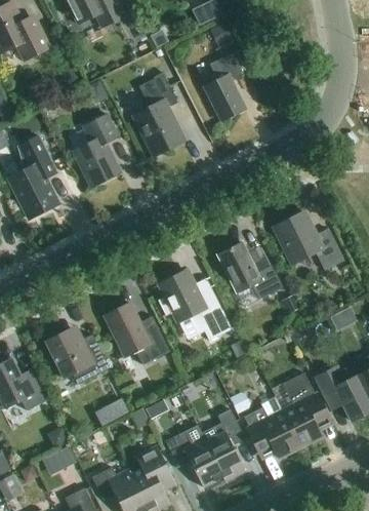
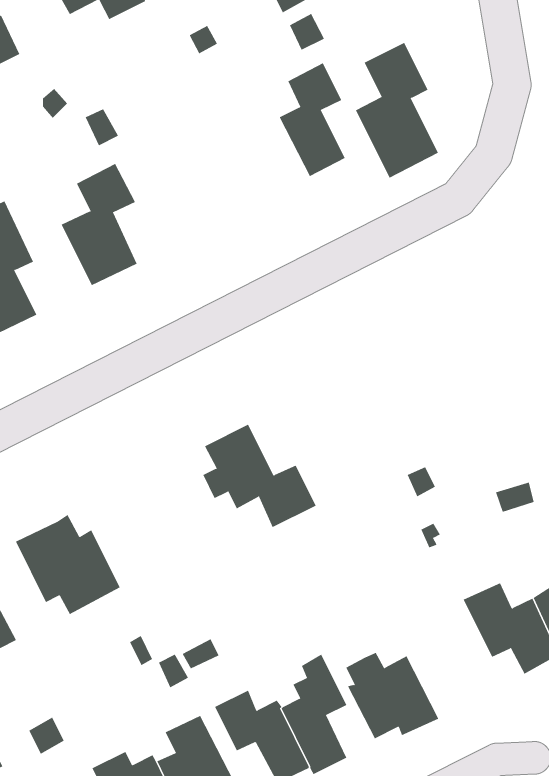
building: [133,74,183,156] -> [355,42,439,178]
building: [274,211,343,270] -> none
building: [217,242,283,299] -> none
building: [104,303,169,364] -> none
building: [281,372,334,447] -> none

